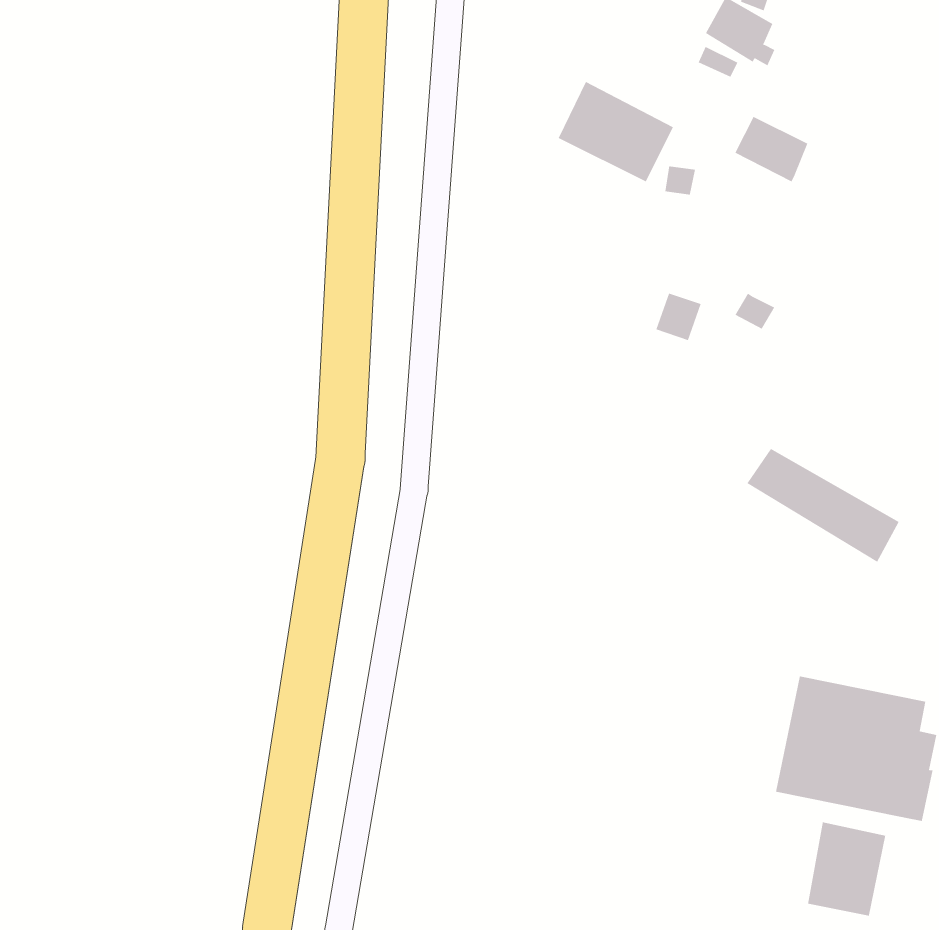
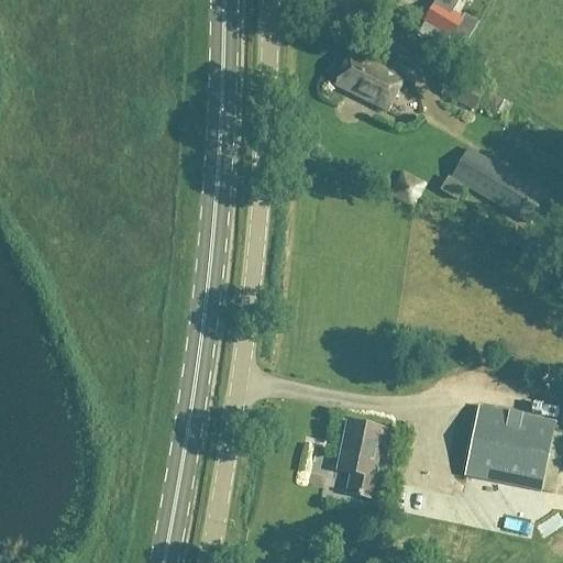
building: [747,448,899,562] -> [453,150,544,218]
building: none -> [336,420,387,497]
building: [807,822,886,917] -> none

